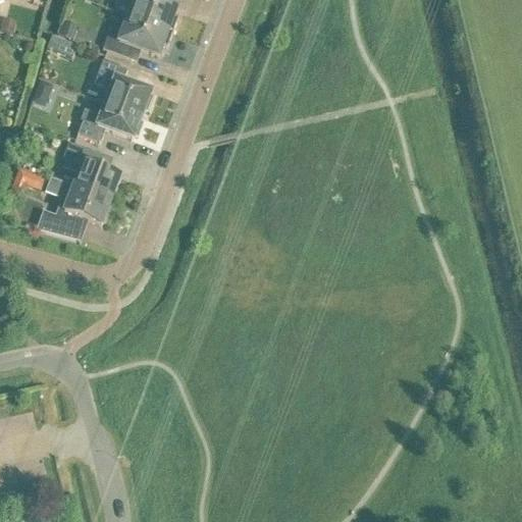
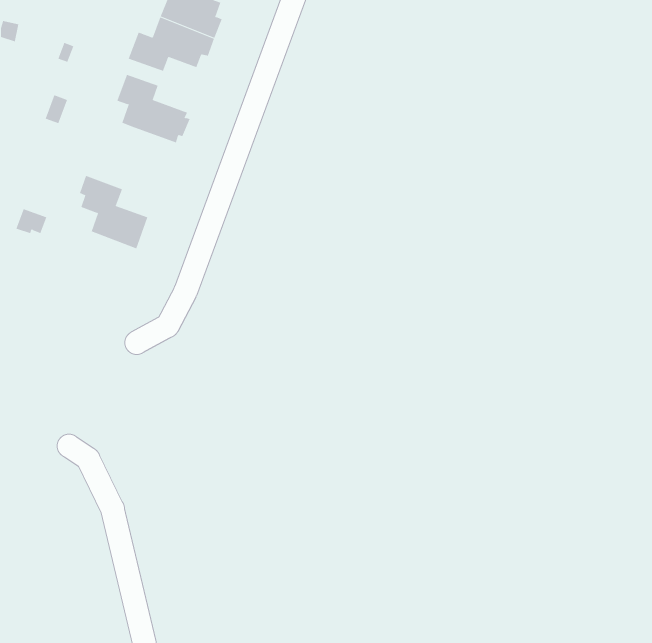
building: [77,101,143,141] -> none
building: [37,175,110,238] -> none

